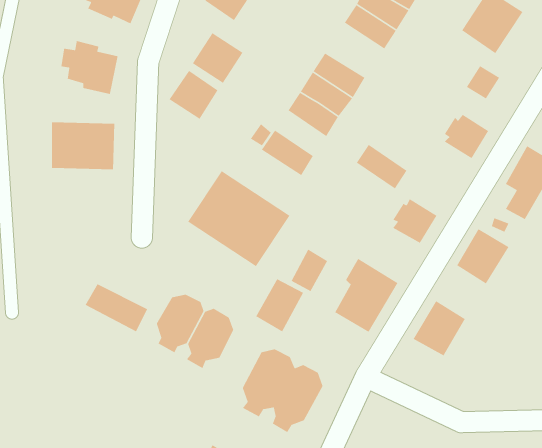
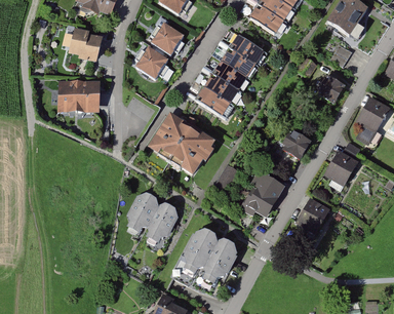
building: [356,144,408,189] -> [204,73,238,103]
building: [255,278,304,333] -> none
building: [85,283,148,332] -> none

